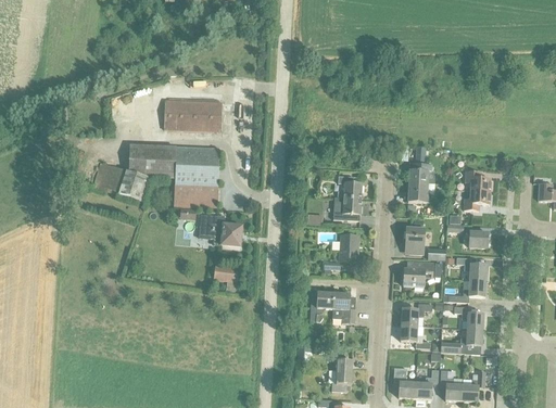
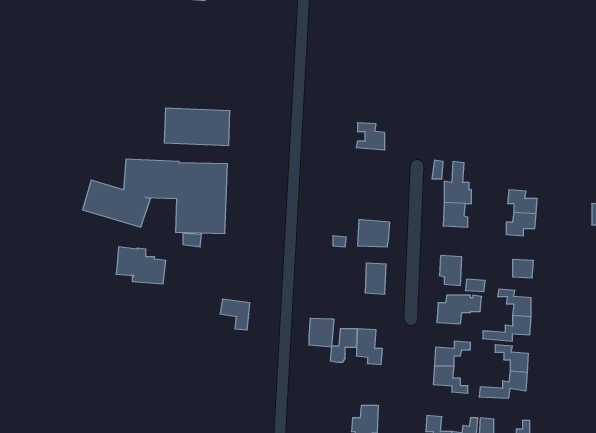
building: [336,174,361,197] -> [356,123,385,150]
building: [198,213,241,245] -> [116,247,166,284]
building: none -> [309,318,334,347]

